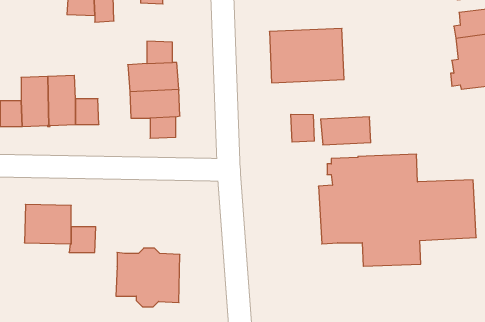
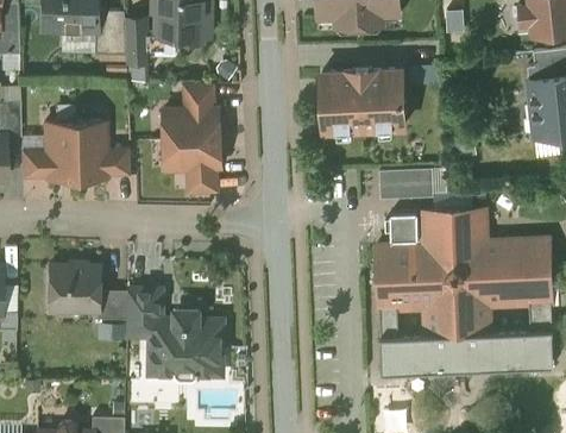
building: [291,114,314,142] -> none
building: none -> [126,291,159,335]
building: none -> [379,303,554,375]

